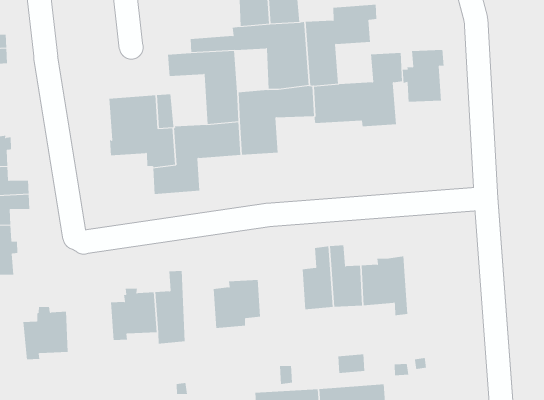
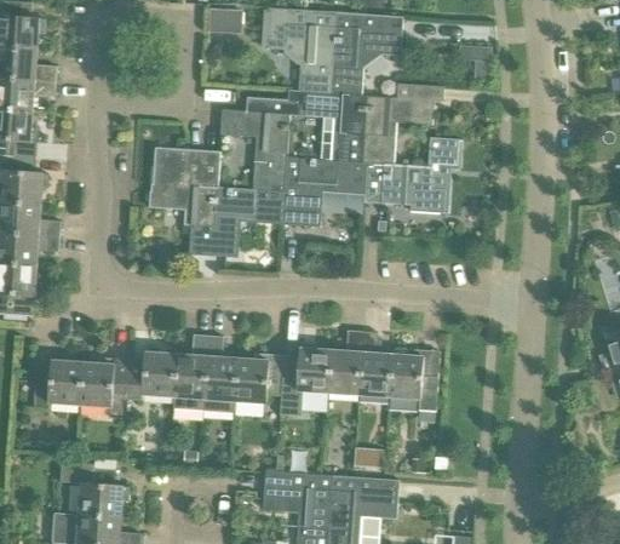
building: [402,49,444,103] -> none
building: none -> [280,342,329,416]
building: none -> [200,336,235,412]
building: none -> [78,357,127,418]

